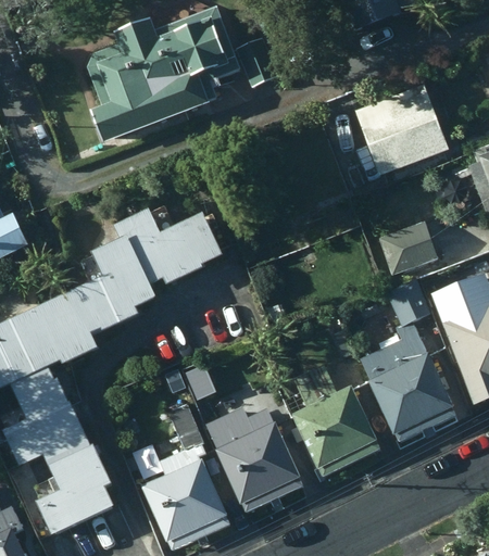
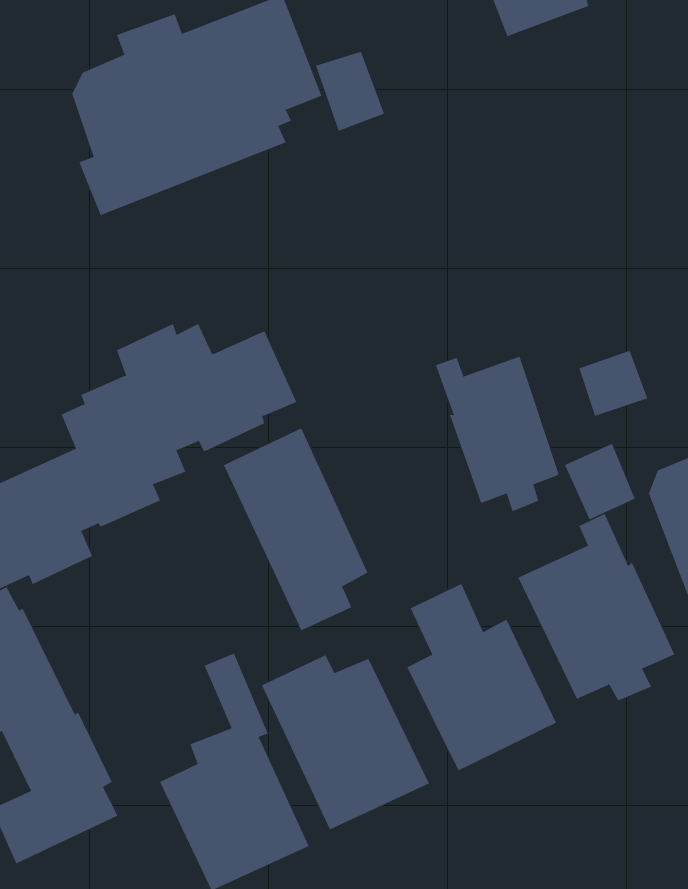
building: [364,110,425,174] -> none
building: none -> [435,356,560,512]
building: none -> [223,428,368,631]

